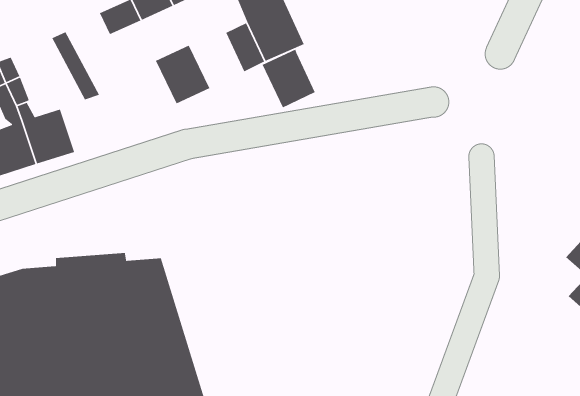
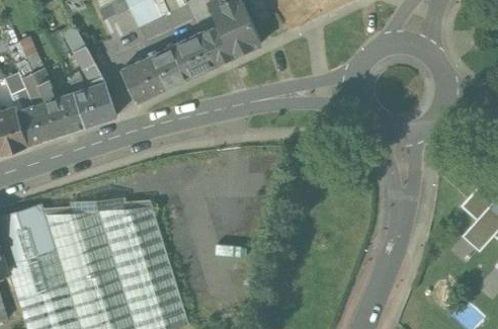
building: [261,49,316,108] -> [174,32,216,78]
building: none -> [120,57,164,103]
building: none -> [69,73,116,127]

